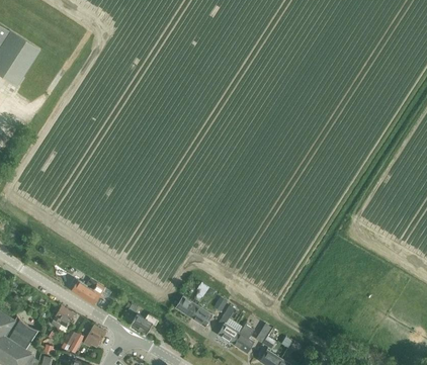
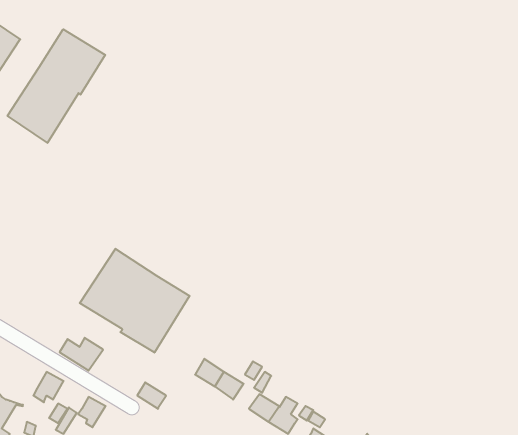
building: none -> [8,29,105,143]
building: none -> [80,249,190,353]

